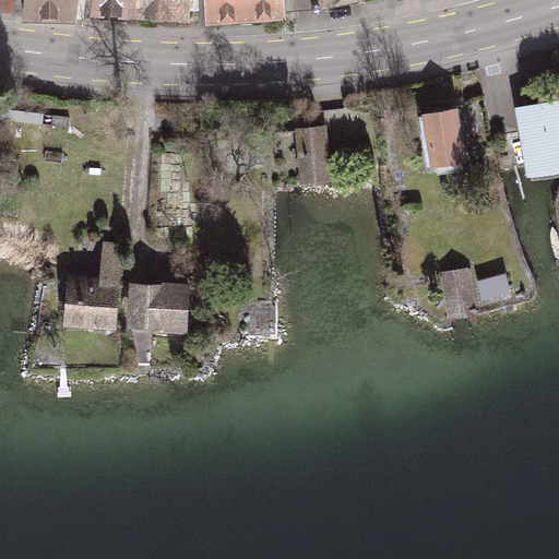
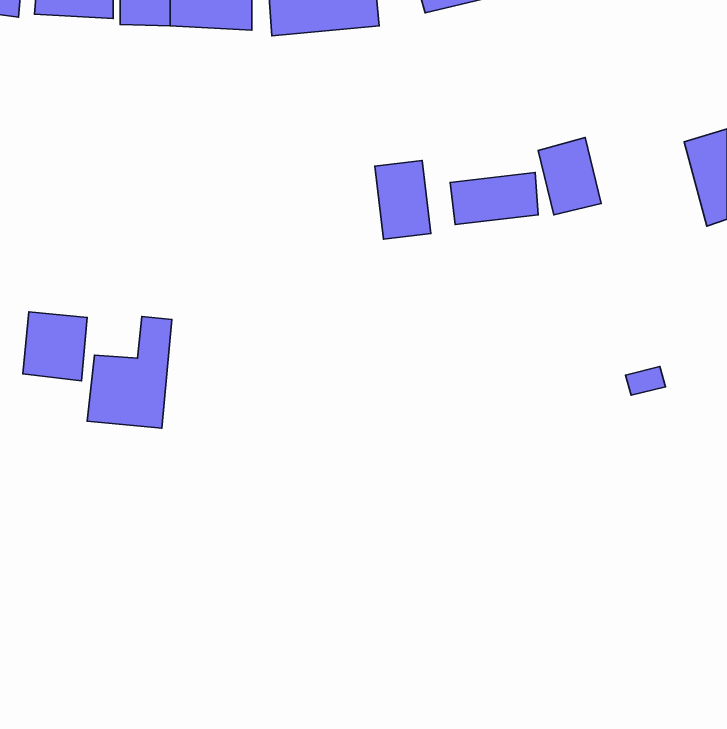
building: none -> [450,172,538,224]
building: none -> [23,312,87,381]
building: [442,267,474,322] -> none
building: [138,280,193,326] -> none

